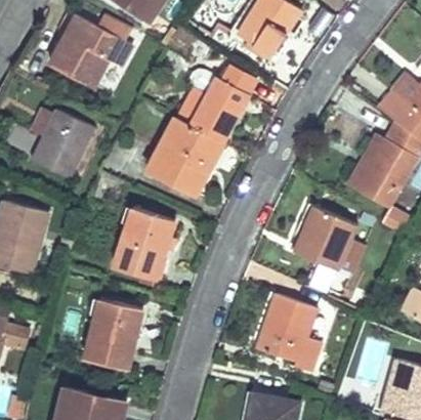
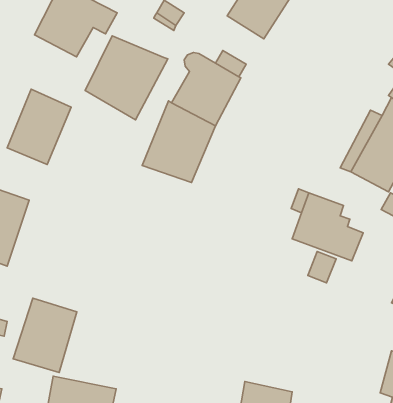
building: none -> [85,36,168,120]
building: [115,213,176,285] -> none
building: [258,295,318,374] -> none
building: [87,301,150,374] -> [13,298,77,372]

